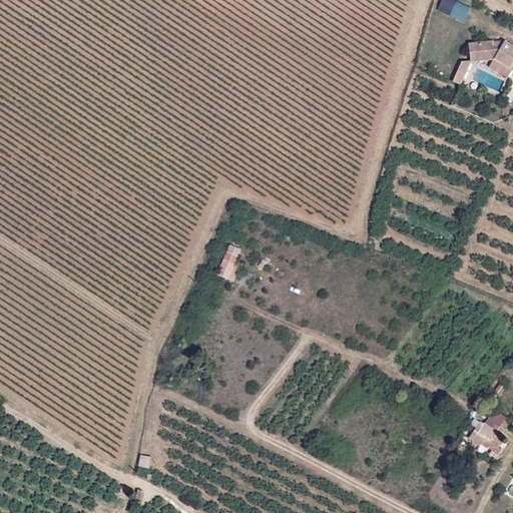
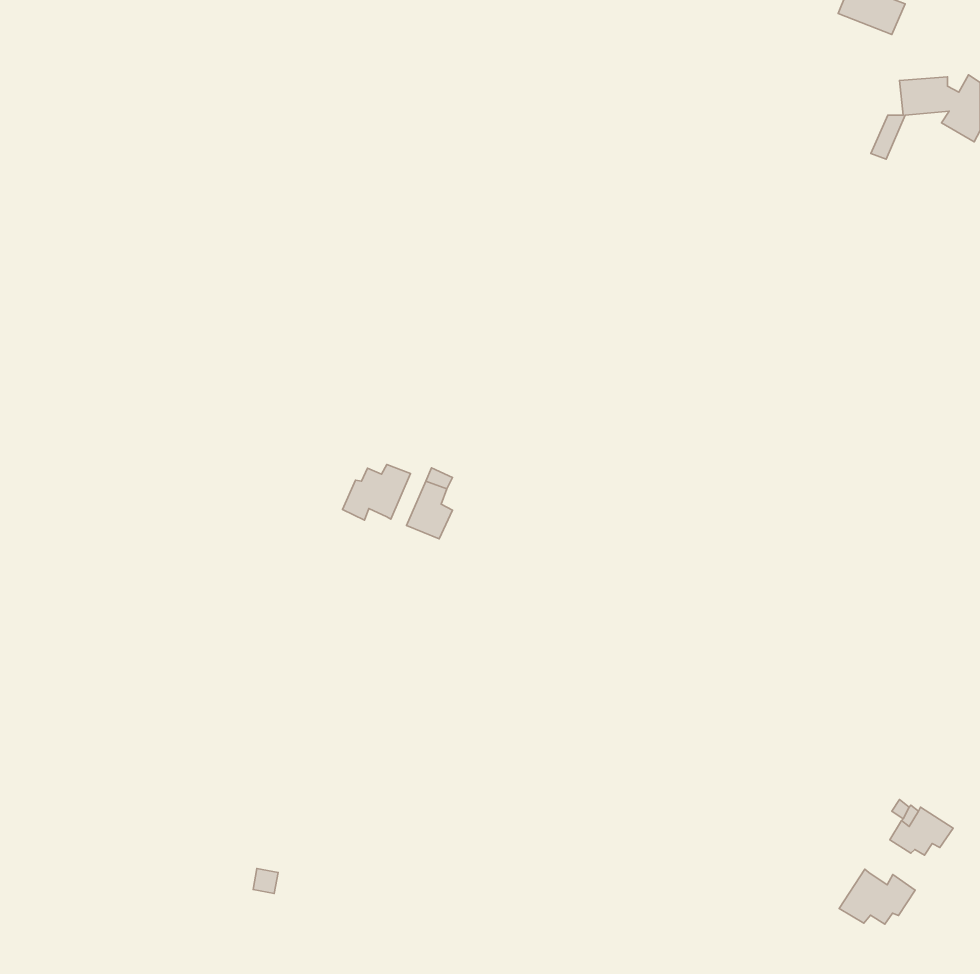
building: none -> [343,464,411,520]
building: none -> [839,869,915,924]

